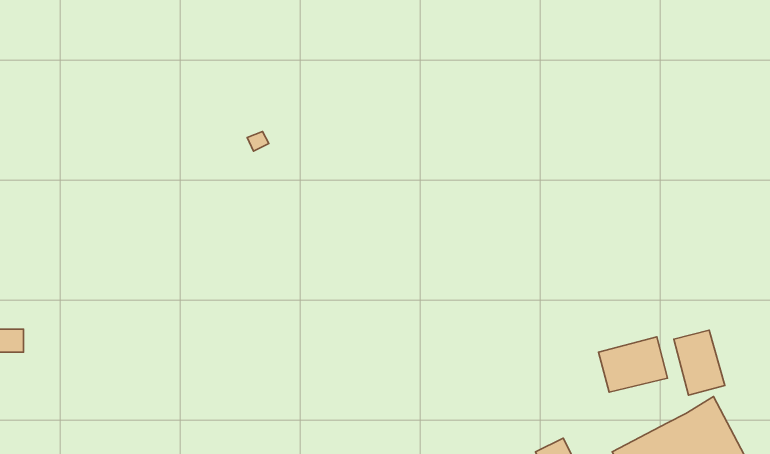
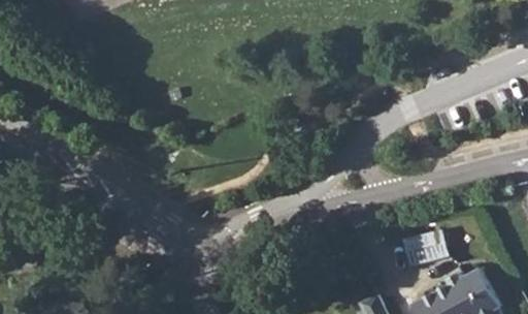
building: [674,330,725,395] -> none

